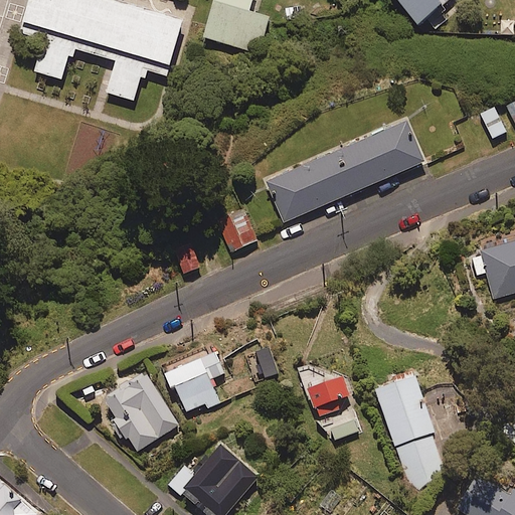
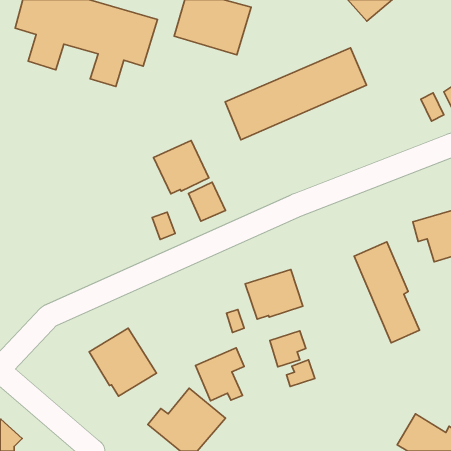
building: [265,119,425,223] -> [225,48,367,140]
building: none -> [153,140,209,194]
building: none -> [245,269,303,319]
building: [169,351,224,411] -> [196,348,244,401]
building: [373,373,448,488] -> [354,242,420,343]

